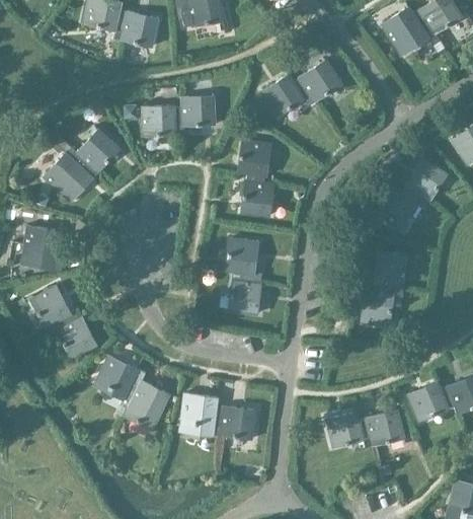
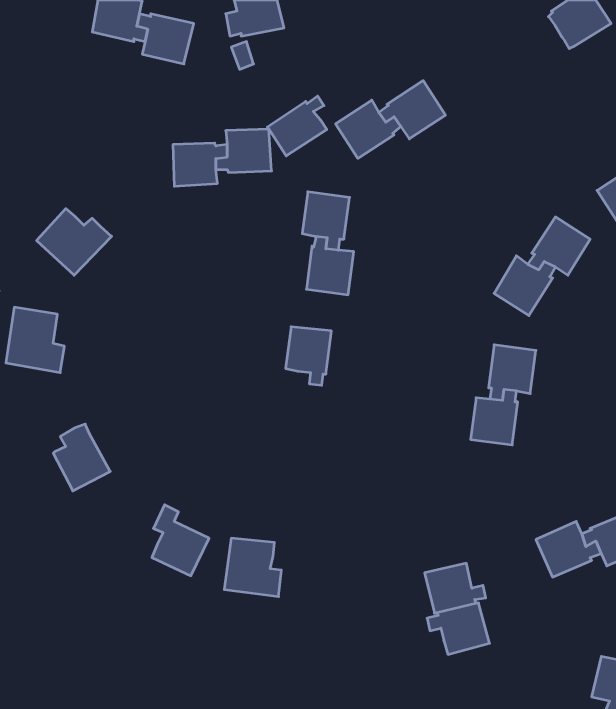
building: [381,7,431,56] -> none
building: none -> [267,96,327,156]
building: [65,130,120,173] -> none
building: [228,272,261,314] -> none
building: [29,286,71,327] -> none
building: [95,355,137,405] -> none
building: [214,405,255,440] -> none
building: [359,410,404,447] -> [427,603,490,654]

